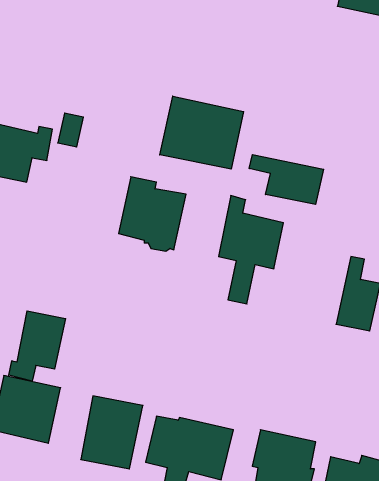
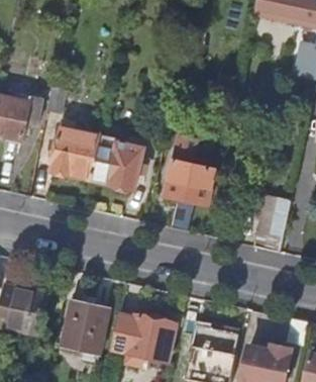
building: [160,96,244,169] -> none
building: [249,155,324,204] -> none
building: none -> [51,127,100,178]
building: [9,311,66,381] -> none

